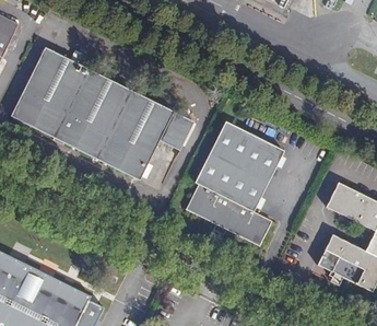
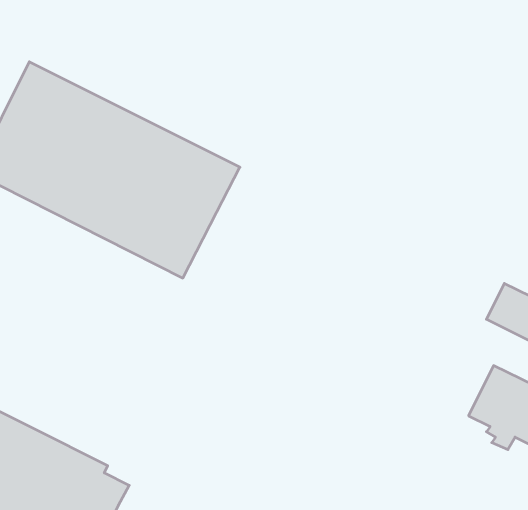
building: [160,113,193,151] -> none
building: [187,121,284,246] -> none

